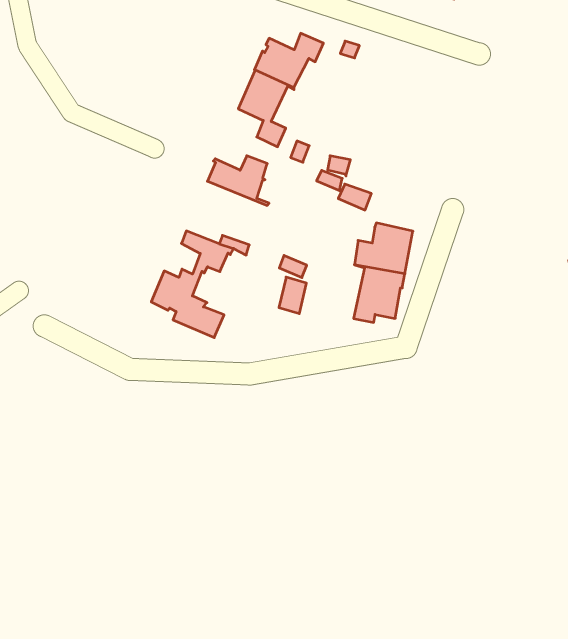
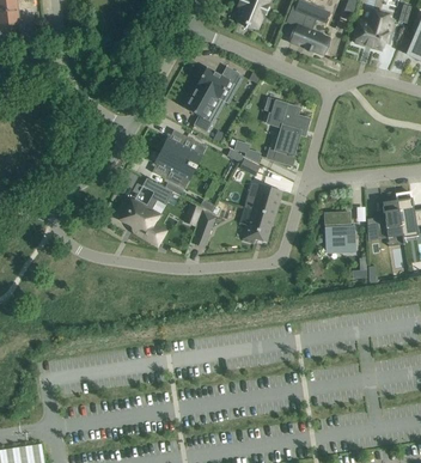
building: none -> [266,99,309,166]
building: none -> [154,148,196,184]
building: none -> [324,211,354,246]

